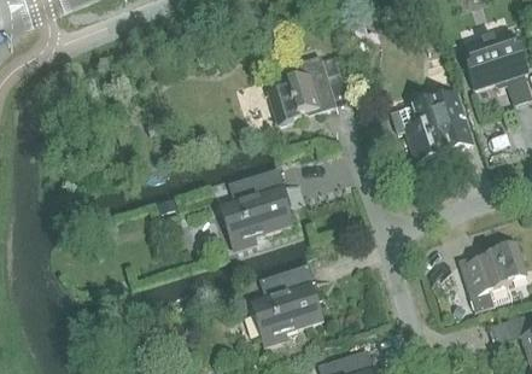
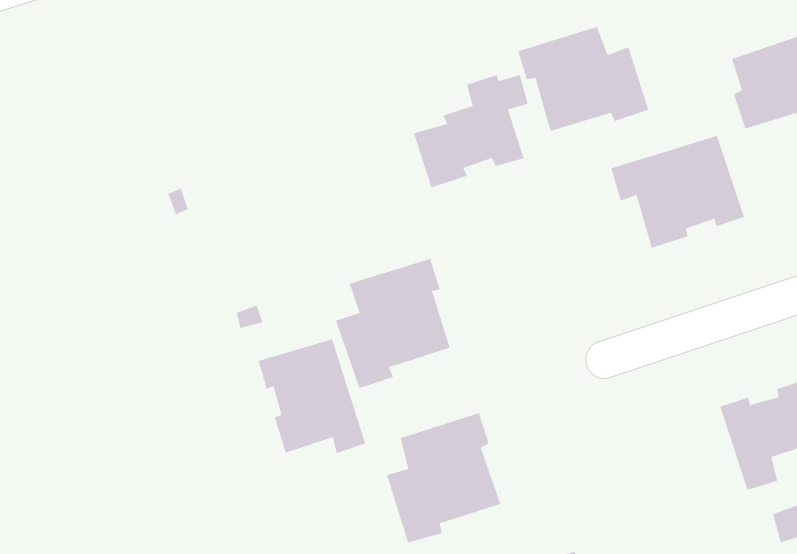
building: none -> [517,26,649,132]
building: none -> [258,338,366,454]

